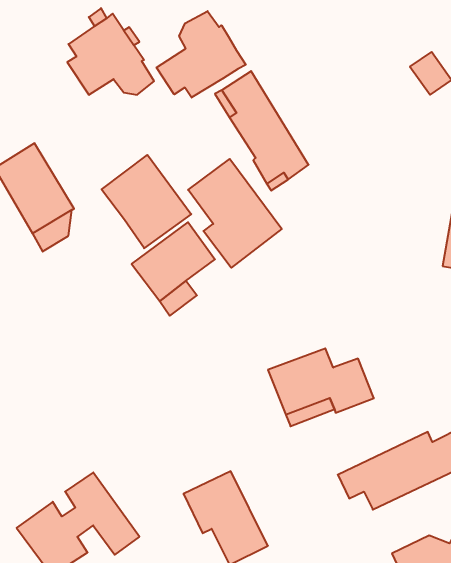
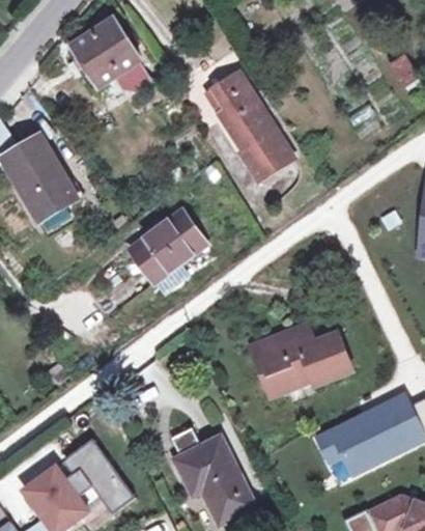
building: [157,11,246,98] -> none
building: [102,155,191,248] -> none
building: [188,159,282,268] -> none

